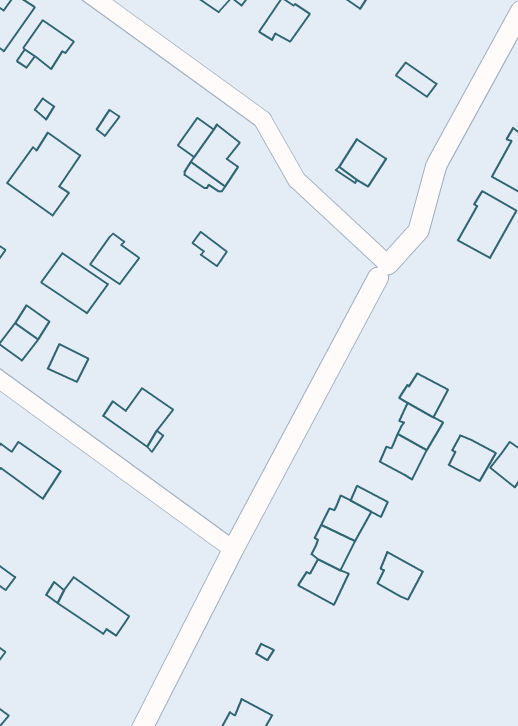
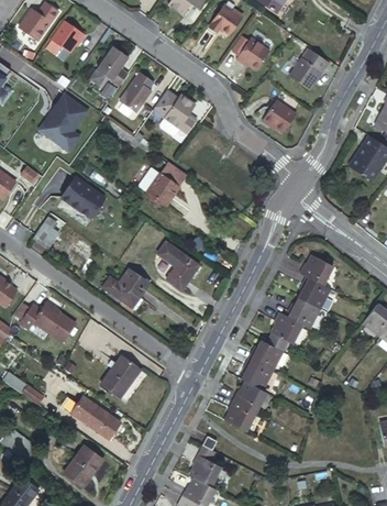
building: none -> [234,36,268,69]
building: none -> [89,43,128,83]
building: none -> [287,56,321,89]
building: none -> [118,69,152,110]
building: [90,234,139,284] -> [147,169,180,204]
building: none -> [161,244,199,289]
building: [449,435,496,481] -> [274,314,306,344]
building: none -> [106,359,144,399]
building: [377,552,423,599] -> [228,400,258,432]
building: none -> [63,444,101,488]
building: none -> [191,454,222,486]

